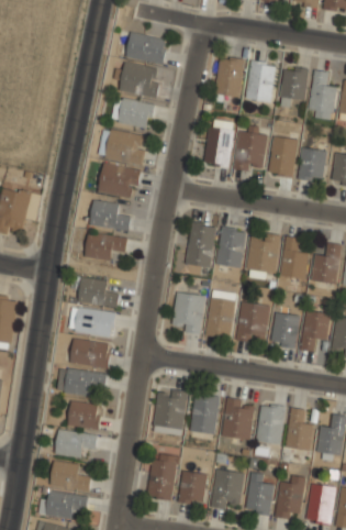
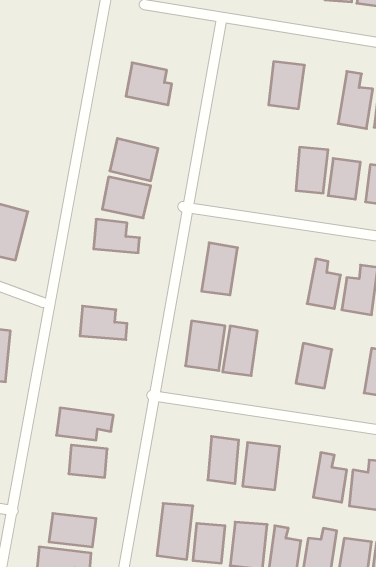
building: [126,32,166,63] -> none
building: [214,55,245,97] -> none
building: [281,67,306,104] -> none
building: [116,98,153,130] -> none
building: [203,121,235,167] -> none
building: [233,124,268,173] -> none
building: [215,227,246,268] -> none
building: [85,232,127,261] -> none
building: [246,232,280,278] -> none
building: [235,300,270,343] -> none
building: [75,307,116,338] -> none
building: [300,308,331,352] -> none
building: [70,339,112,367] -> none
building: [153,387,188,434] -> none
building: [256,402,286,445] -> none
building: [55,428,99,459] -> none

